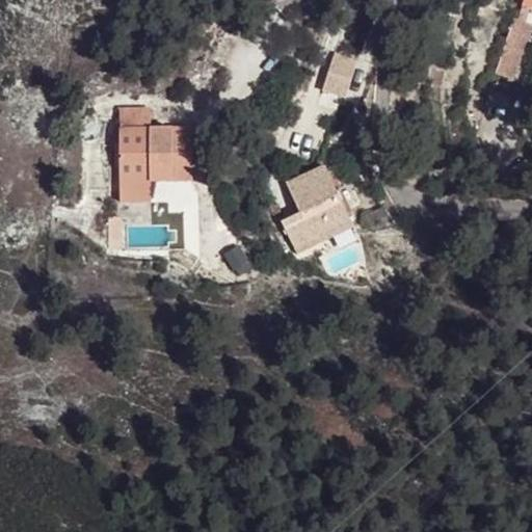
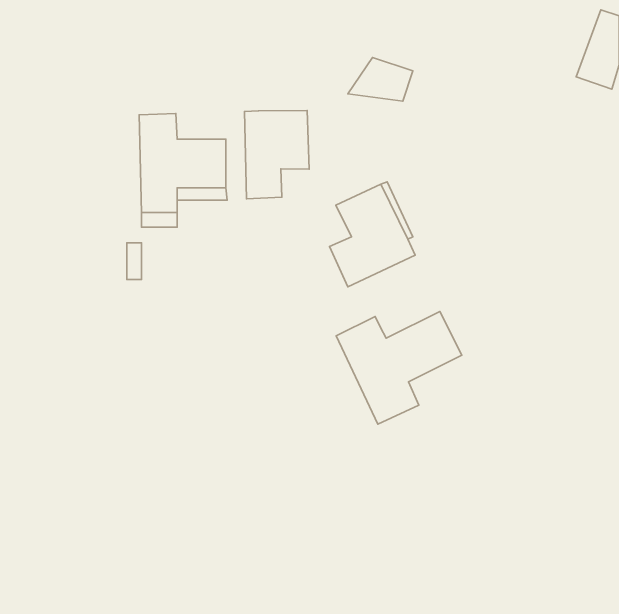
building: none -> [244,111,309,199]
building: none -> [336,312,462,424]

